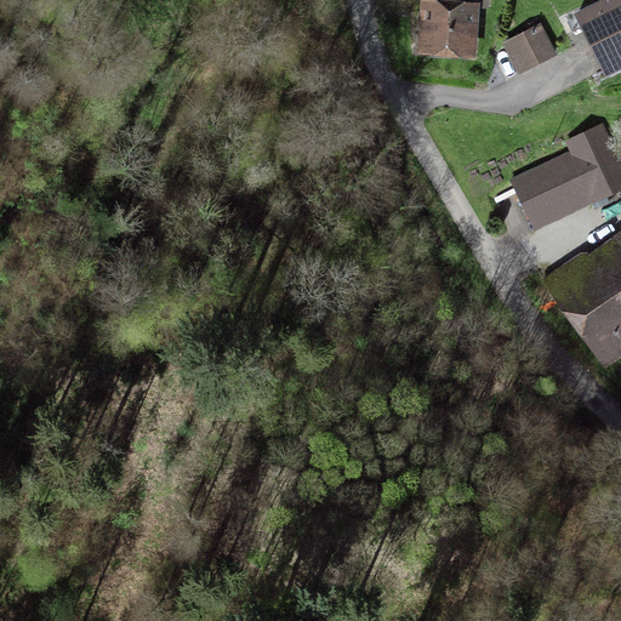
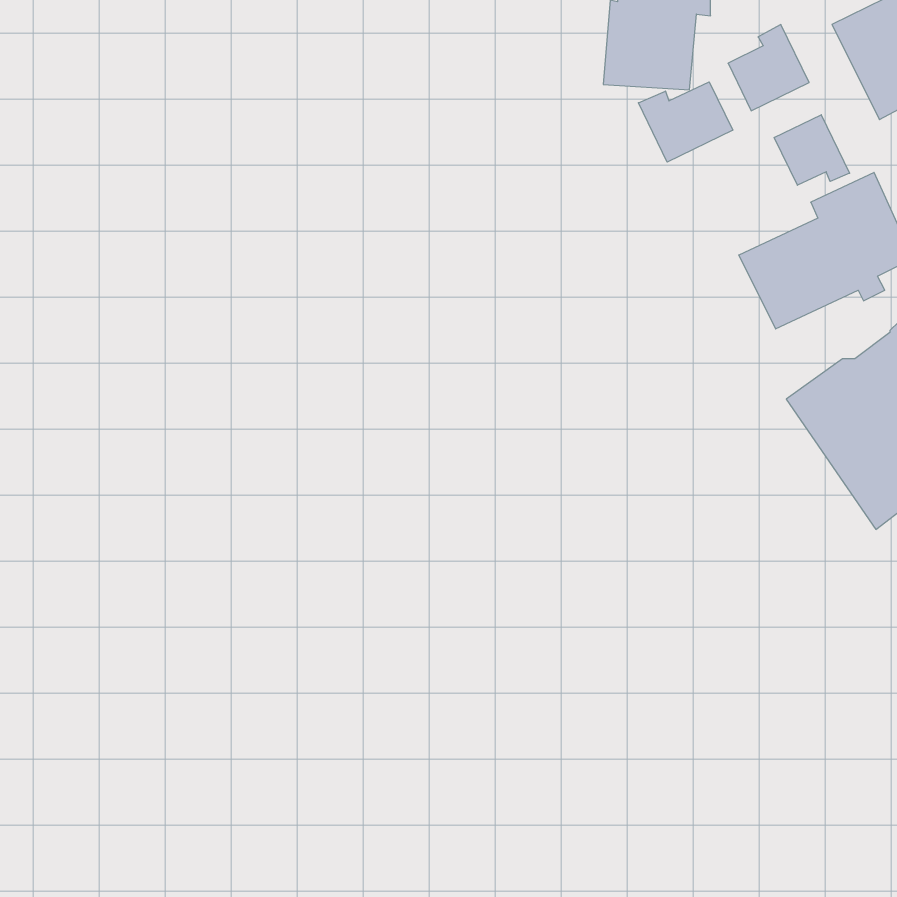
building: none -> [638,82,733,162]
building: none -> [774,115,850,185]

